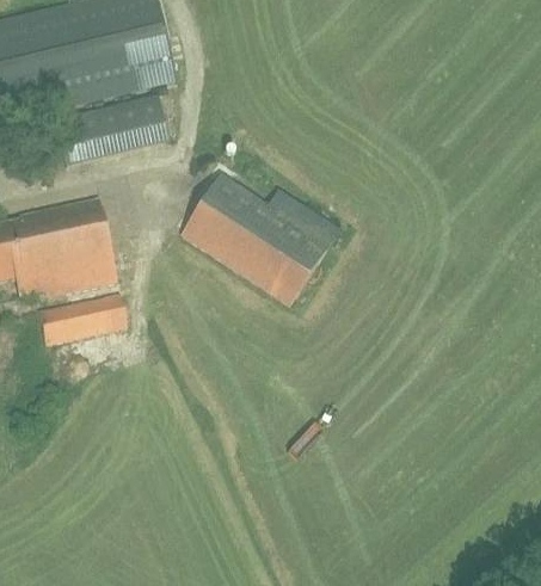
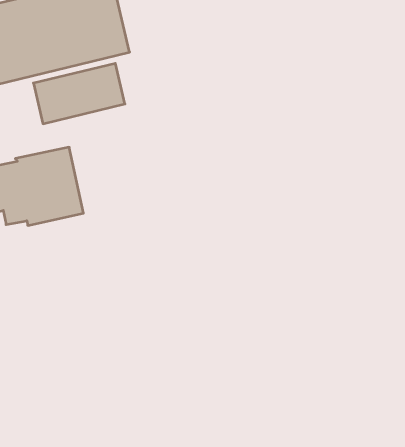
building: [183,175,340,304] -> none
building: [38,291,130,345] -> none

